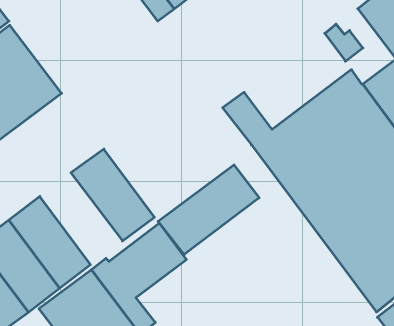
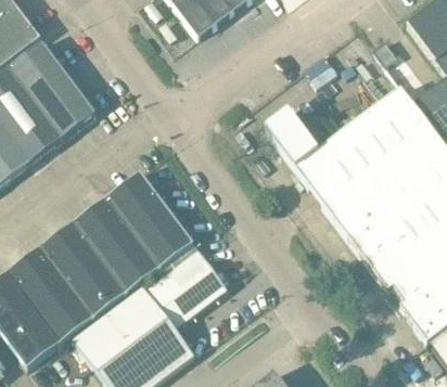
building: [158,165,259,255] -> none
building: none -> [73,195,159,292]

